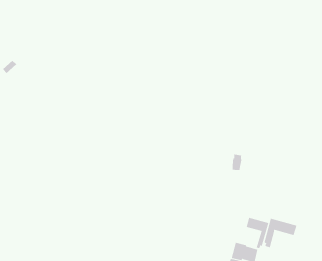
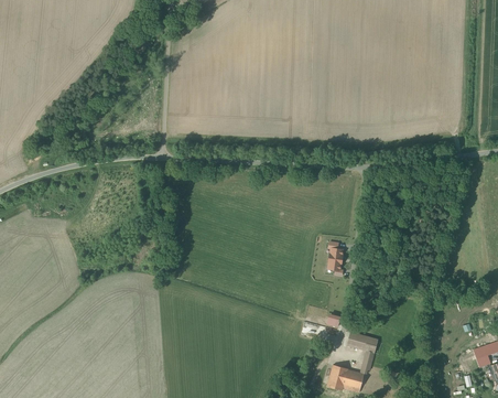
building: [264,218,297,248] -> none

